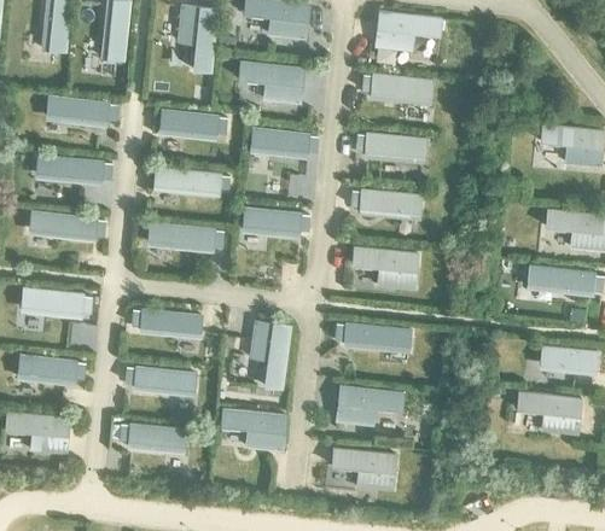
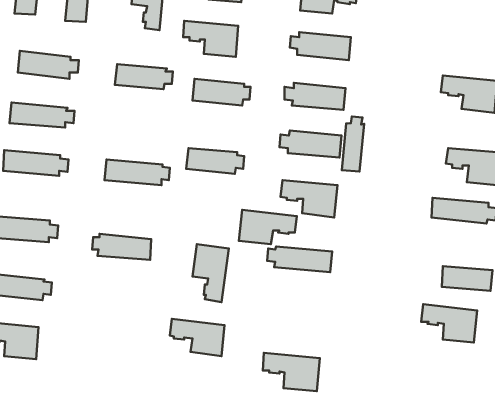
building: [153,168,228,197] -> none
building: none -> [342,116,364,172]
building: [124,366,196,396] -> none
building: [336,384,403,424] -> [239,210,297,244]
building: [117,424,187,454] -> none

